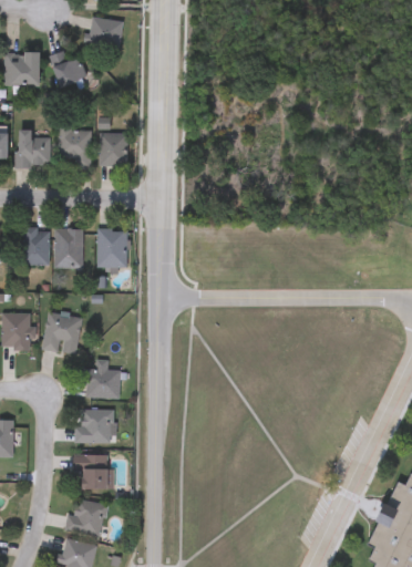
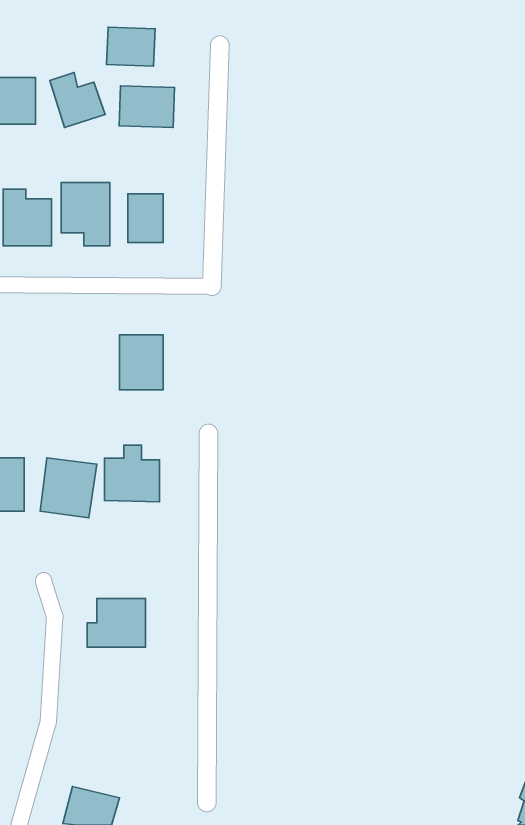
building: none -> [119,86,174,128]
building: [24,228,49,266] -> none
building: [55,228,83,269] -> none
building: [83,360,121,399] -> [104,445,159,502]
building: [73,455,113,489] -> none
building: [68,498,107,537] -> none

